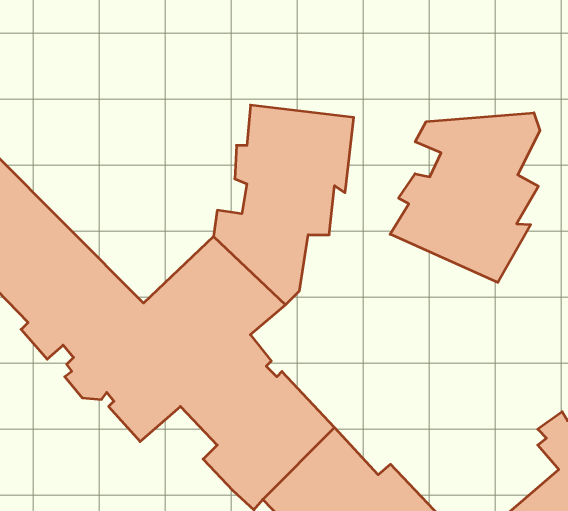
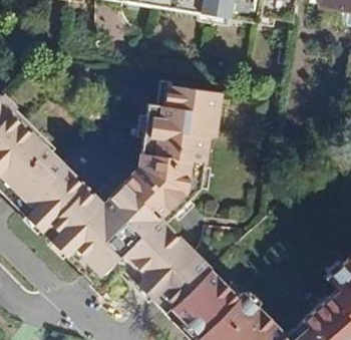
building: [390,113,540,282] -> none

